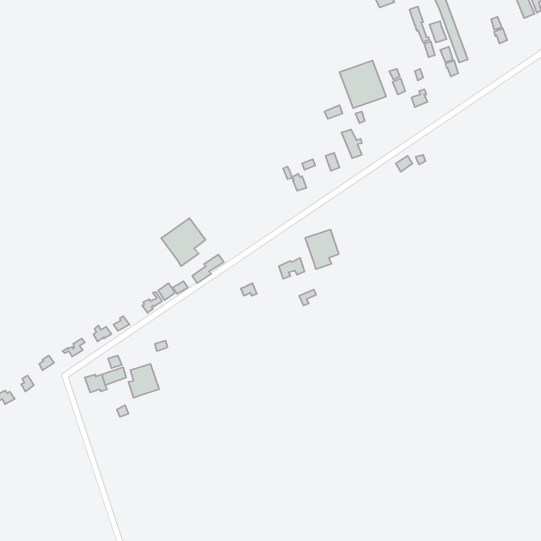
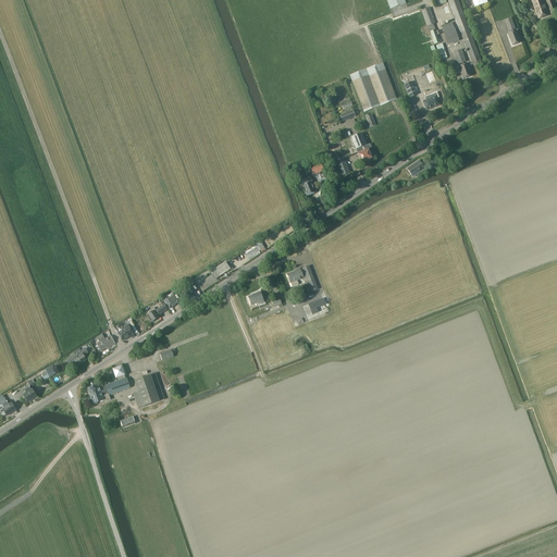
building: [161,218,206,266] -> none
building: [305,229,339,269] -> none

